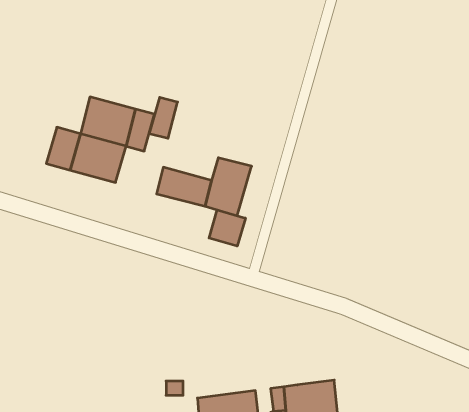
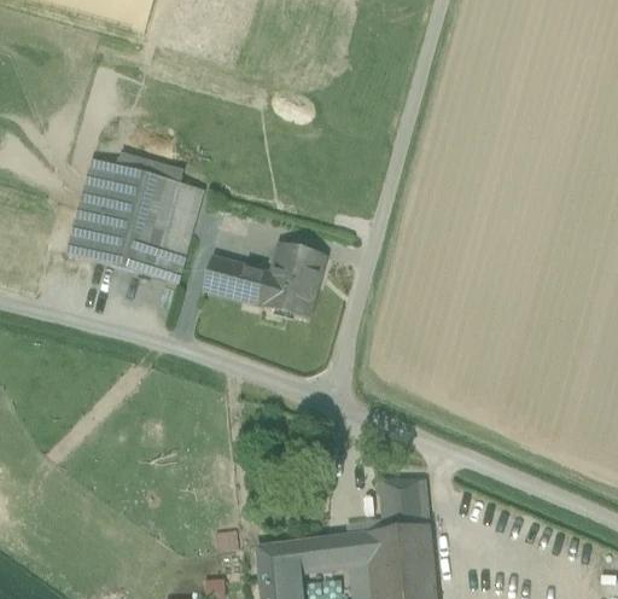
building: none -> [78,158,121,214]
building: [149,97,178,138] -> [153,229,190,281]
building: [209,210,245,246] -> none
building: none -> [378,479,431,533]

